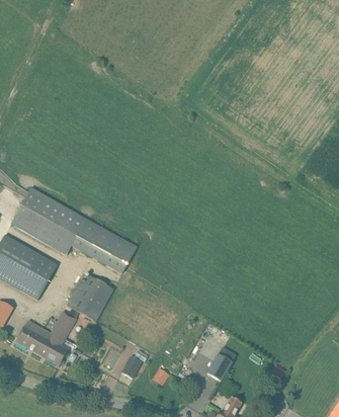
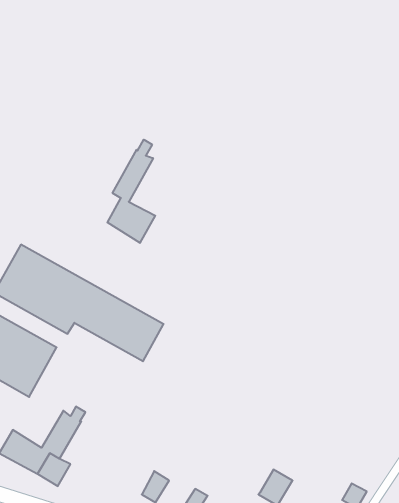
building: none -> [107,140,155,243]
building: [69,269,115,319] -> none

